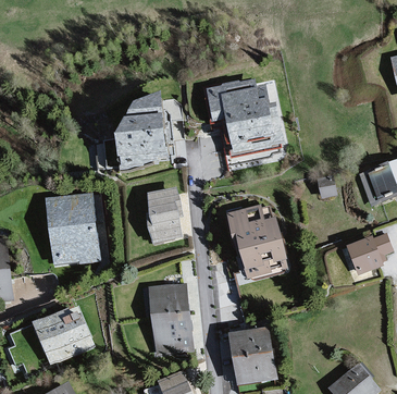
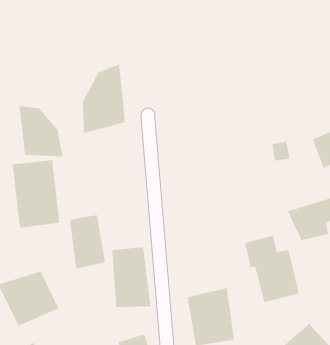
building: [207,78,287,169] -> none
building: none -> [19,105,63,157]
building: [149,188,187,245] -> [69,214,106,269]
building: [228,204,286,274] -> [244,235,300,303]

